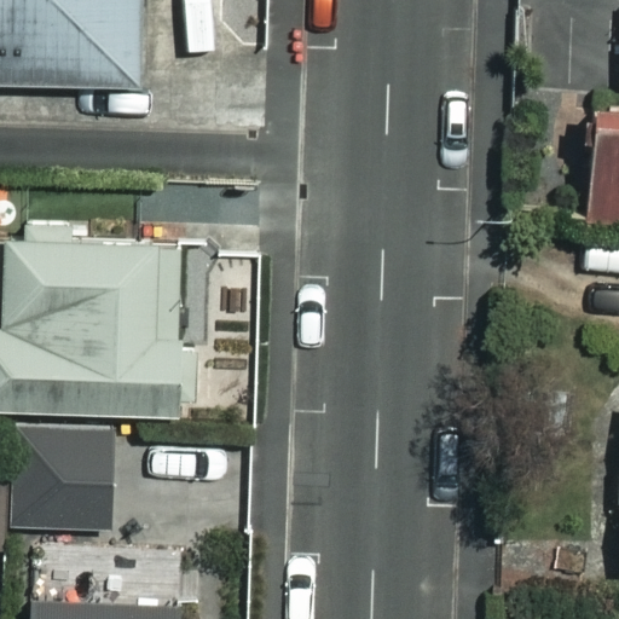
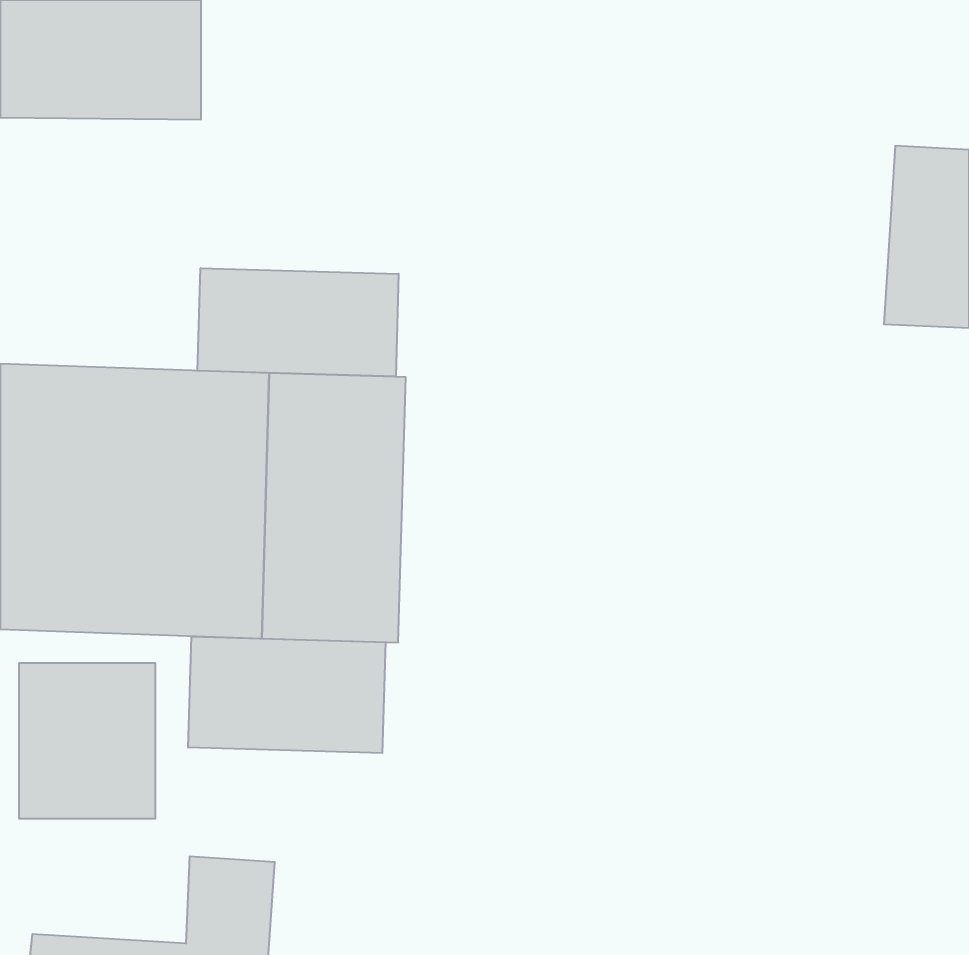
building: none -> [198,268,399,376]
building: none -> [188,637,385,753]

